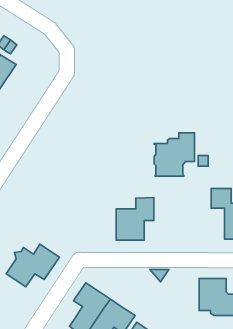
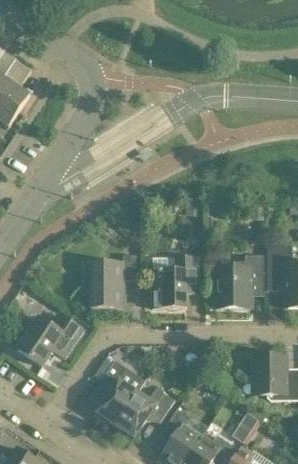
building: [154,133,194,176] -> [215,253,264,306]
building: none -> [91,253,136,307]

